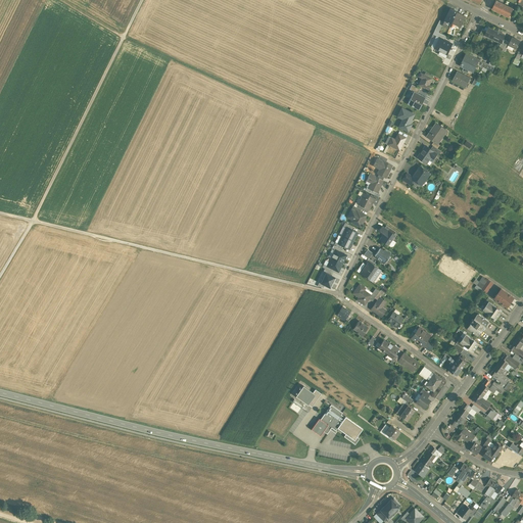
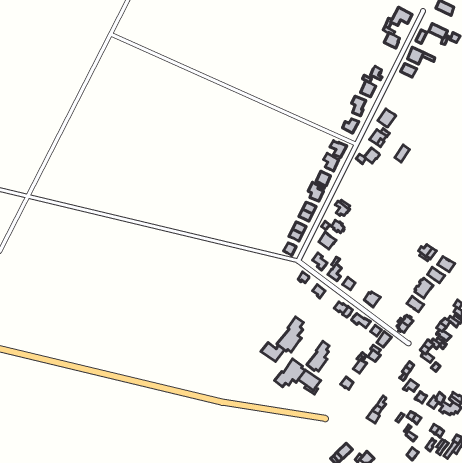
building: none -> [277,317,303,352]
building: none -> [307,341,329,371]

